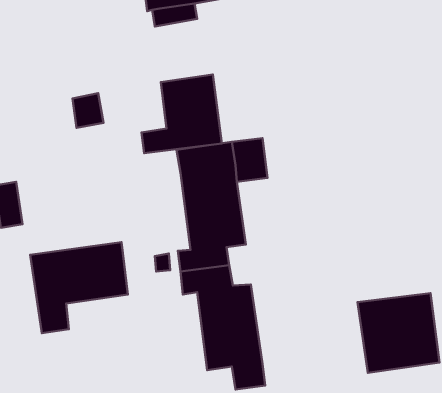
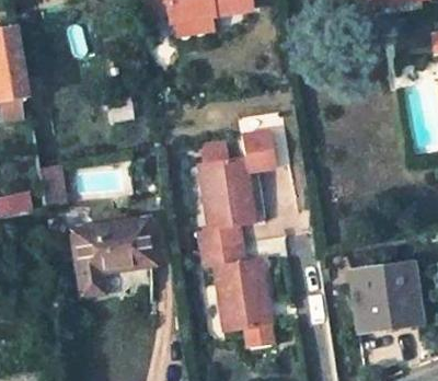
building: [141,75,222,153] -> none

